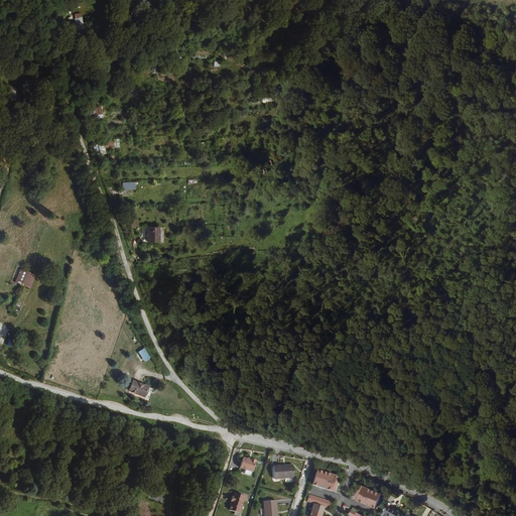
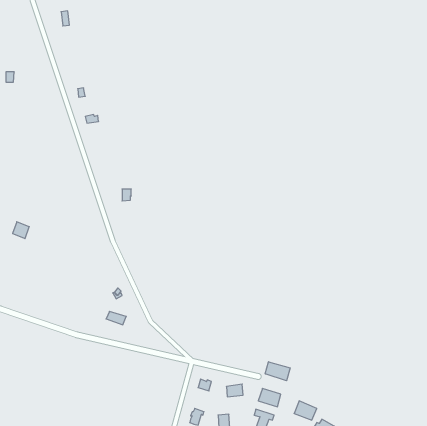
building: none -> [265,362,290,381]

